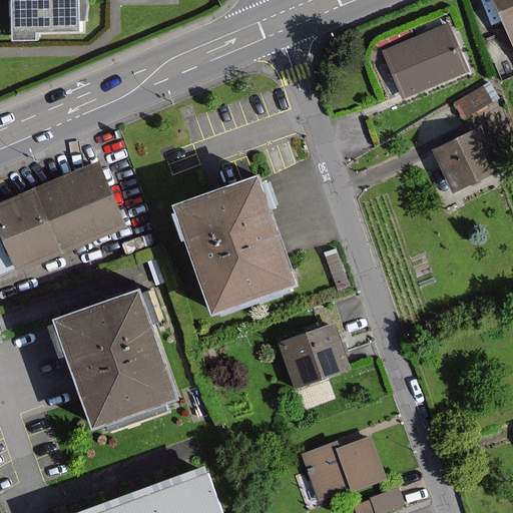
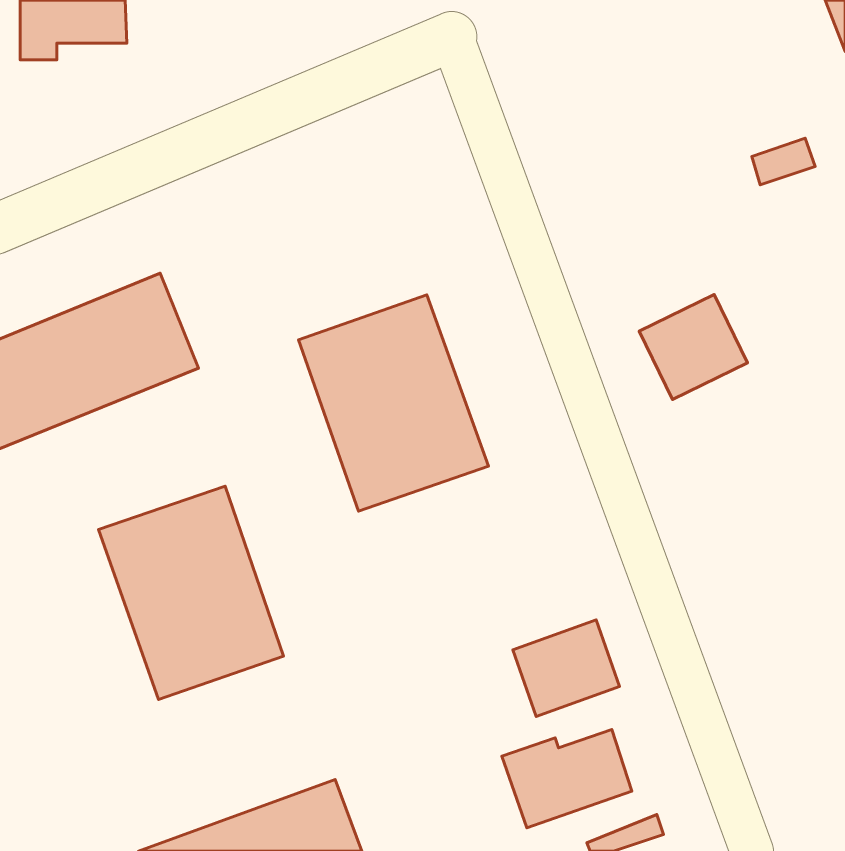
building: [385,26,461,94] -> none
building: [435,127,500,190] -> [639,295,747,399]
building: [281,326,345,384] -> [513,620,620,716]

